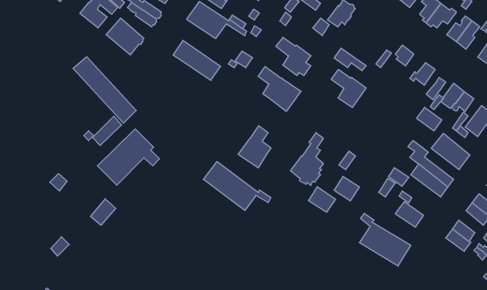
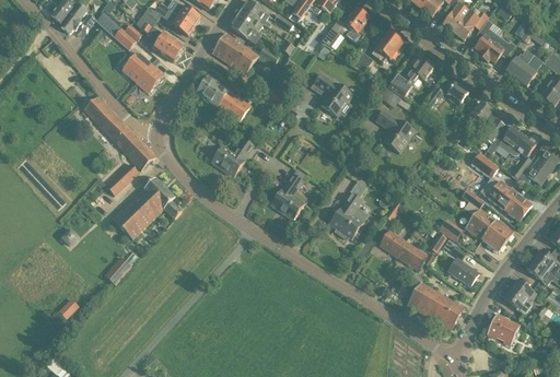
building: none -> [388,57,434,97]
building: [258,67,301,111] -> none
building: none -> [211,138,255,177]
building: [203,162,271,210] -> none
building: [308,187,336,212] -> [397,241,428,270]
building: none -> [487,313,520,344]

